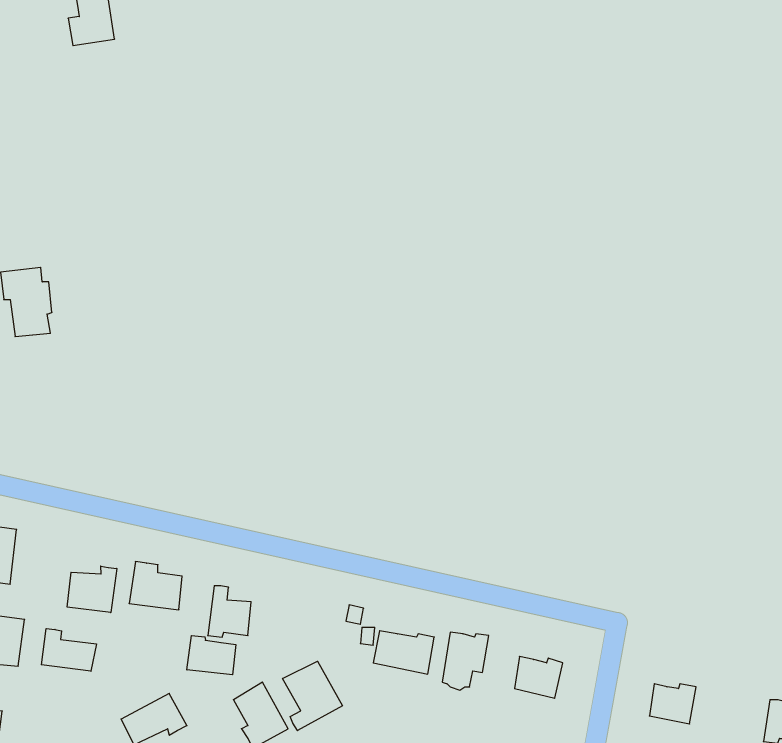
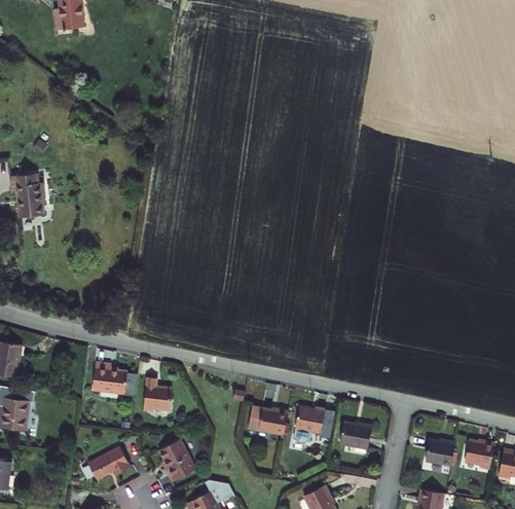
building: [67,566,117,613] -> none
building: [41,629,96,671] -> none
building: [187,636,236,675] -> none
building: [283,661,342,731] -> none
building: none -> [466,441,494,471]

